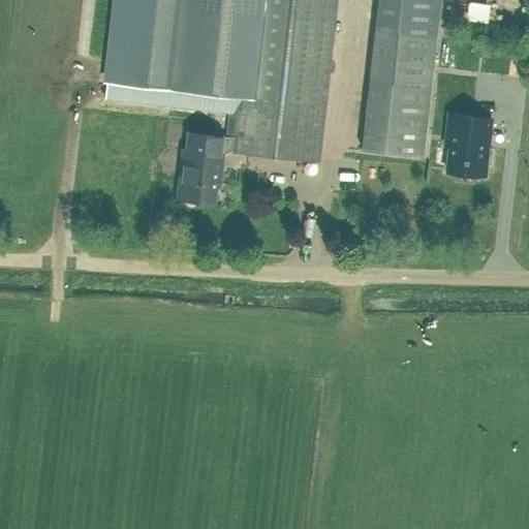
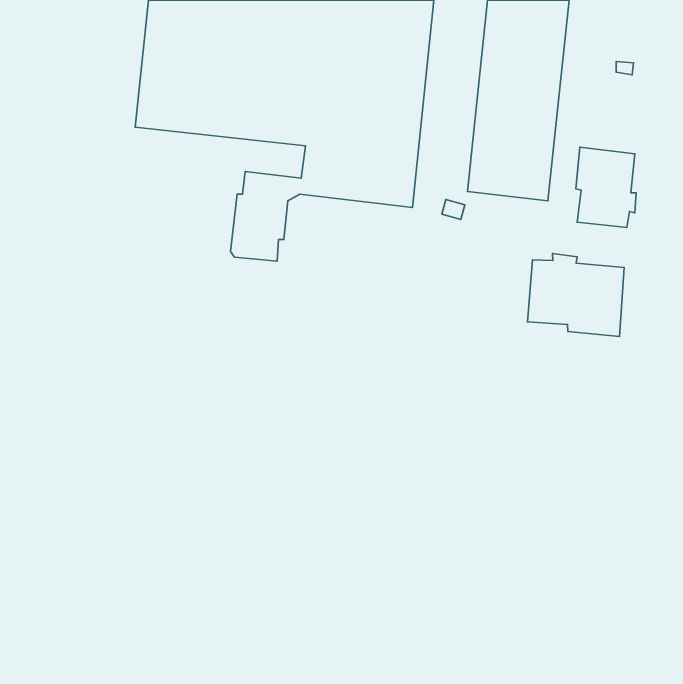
building: none -> [527,254,624,336]

